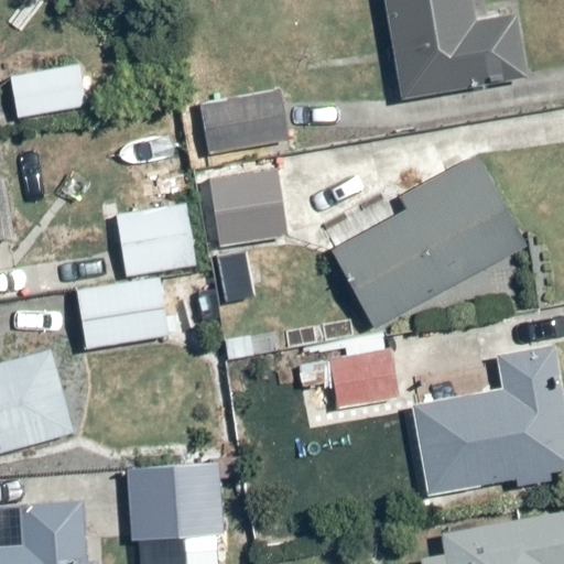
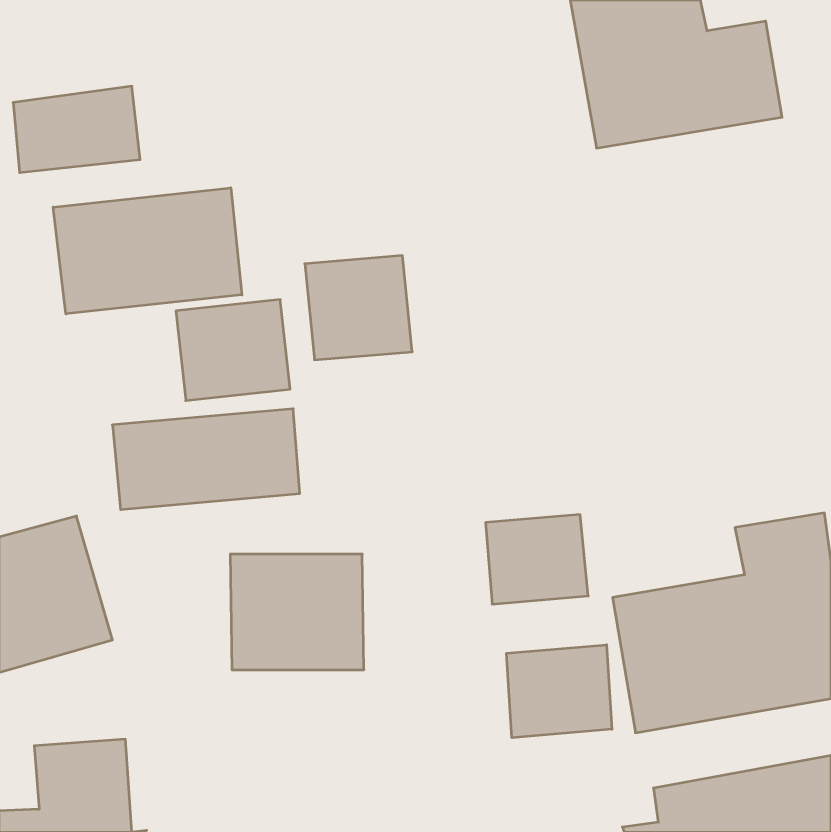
building: [199,93,283,153] -> none
building: none -> [53,188,242,314]
building: [332,156,527,329] -> none
building: none -> [507,645,612,738]
building: [126,463,216,541] -> [230,554,364,670]

